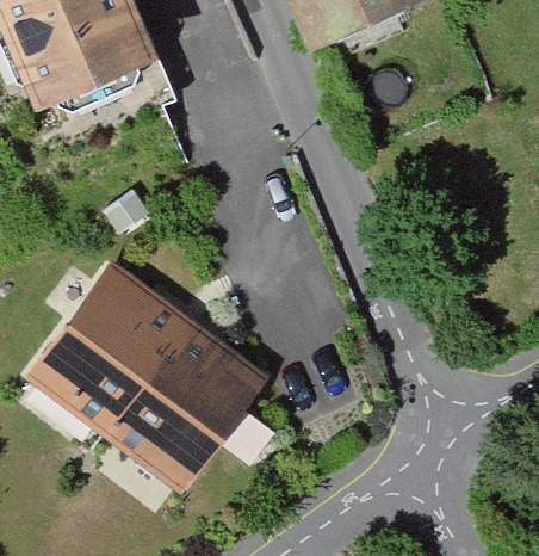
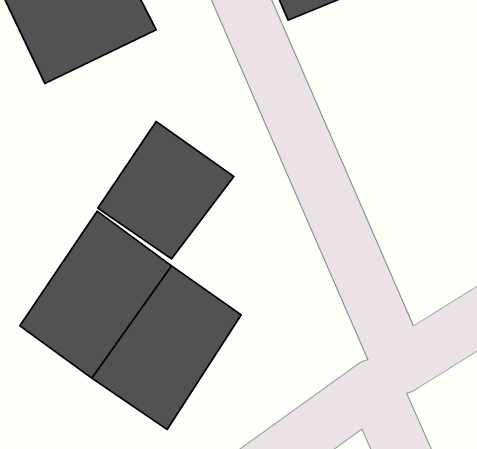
building: none -> [98,121,234,259]

